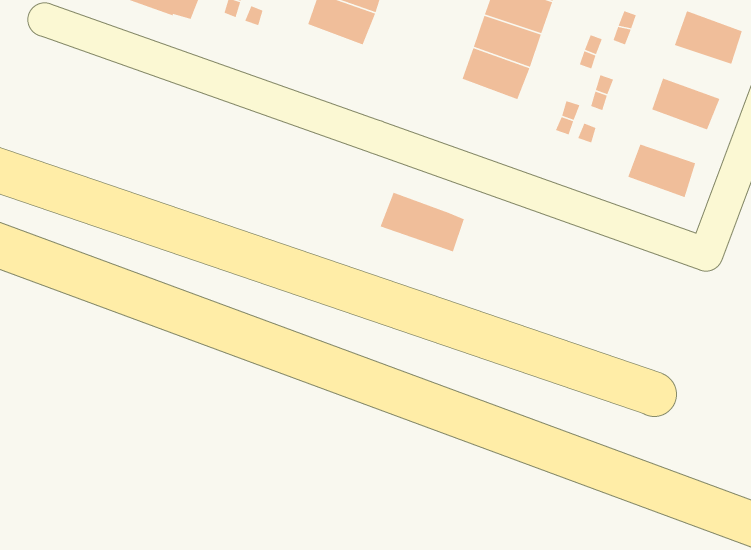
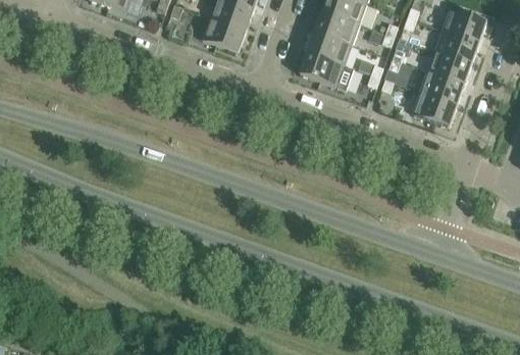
building: none -> [202,16,246,51]
building: none -> [435,30,479,63]
building: none -> [421,70,464,104]
building: [380,191,465,253] -> [300,51,354,90]

